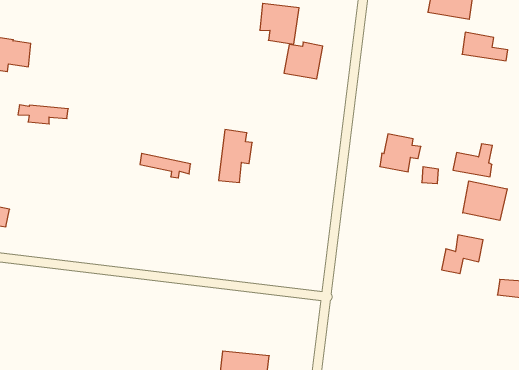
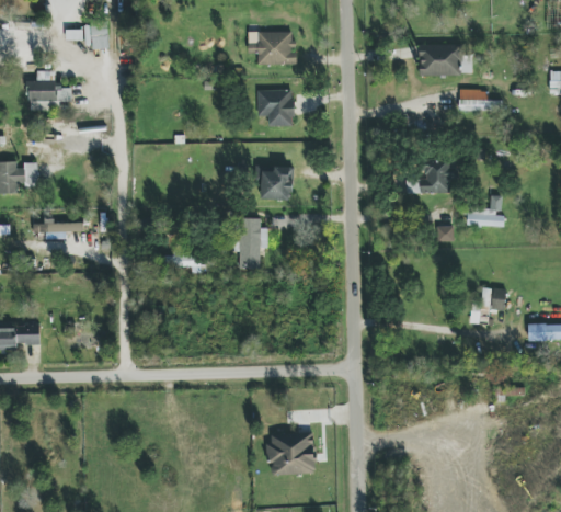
building: [284,42,323,79] -> [259,166,293,200]
building: [380,134,421,172] -> [420,159,457,193]
building: [463,181,507,220] -> none

